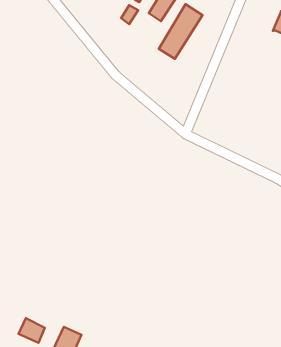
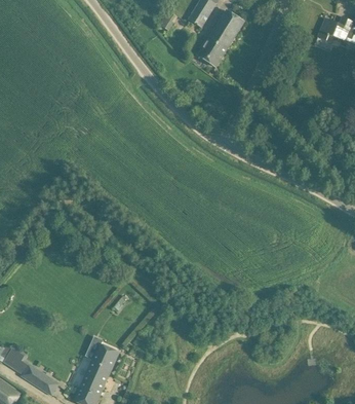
building: [19,318,45,343] -> none

